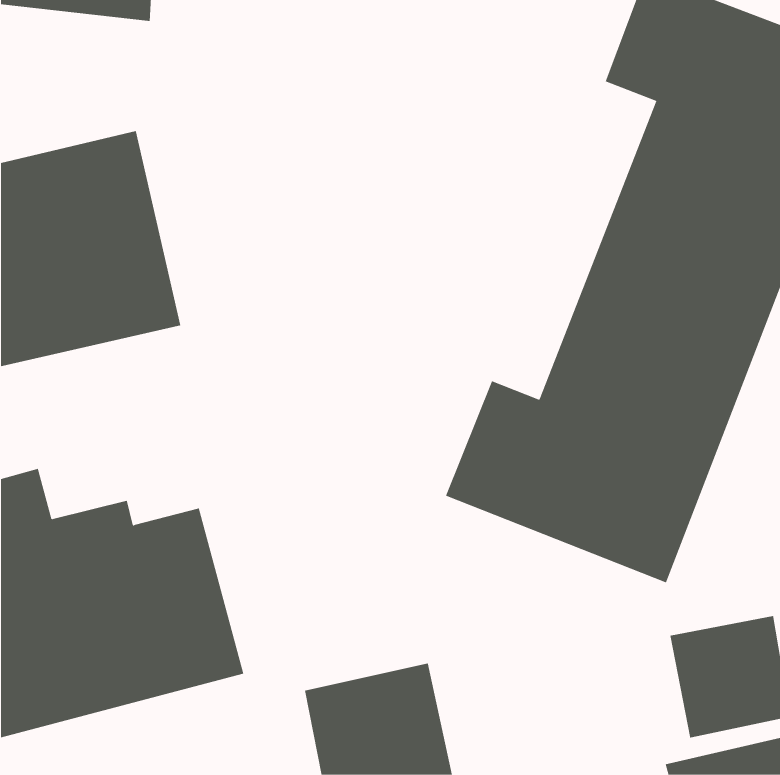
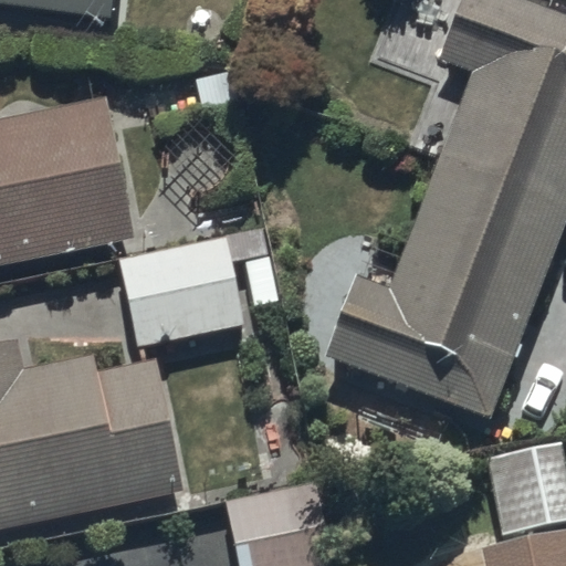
building: none -> [118,230,261,348]

